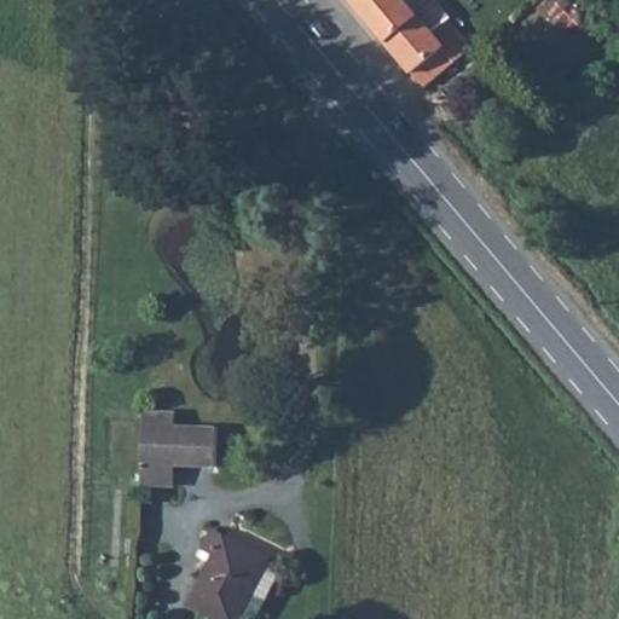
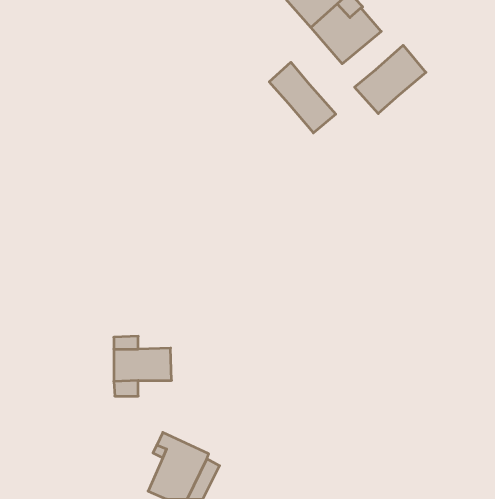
building: none -> [355,45,426,114]
building: none -> [269,62,336,133]

